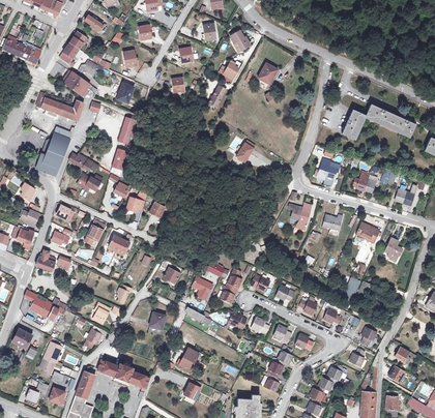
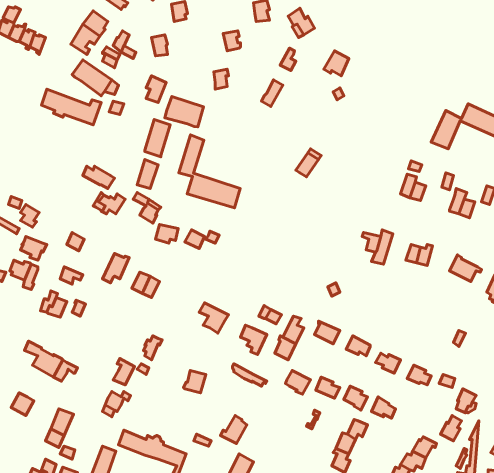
building: none -> [165,97,204,127]
building: [36,126,71,175] -> none
building: none -> [179,135,240,208]

